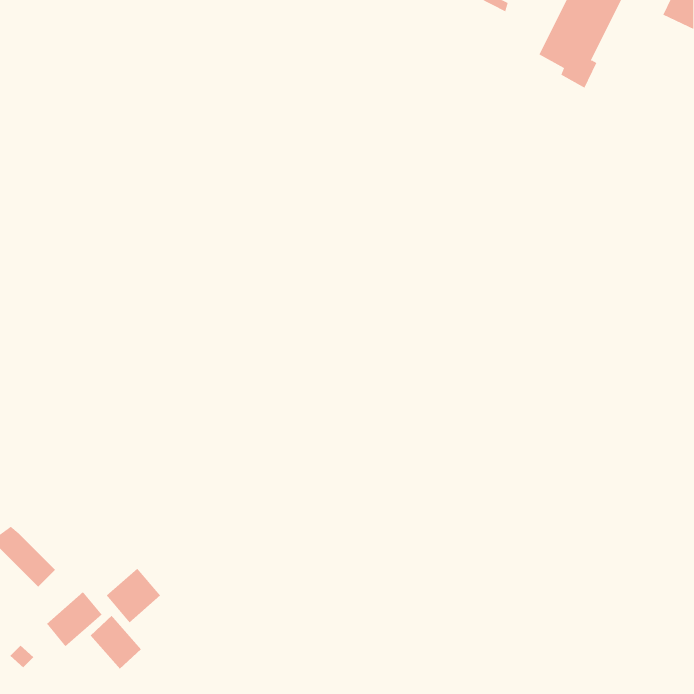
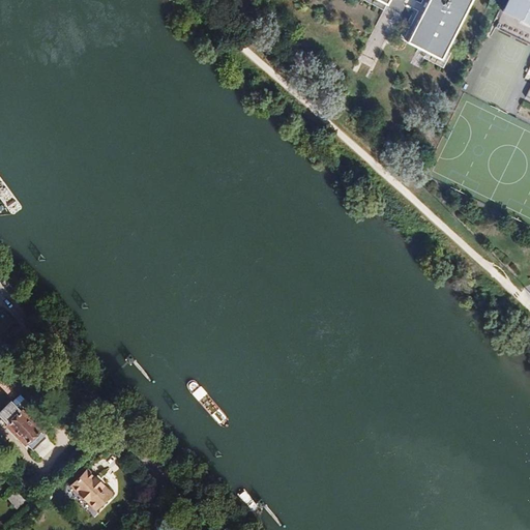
building: [106,568,161,623] -> none
building: [46,591,102,647] -> none

